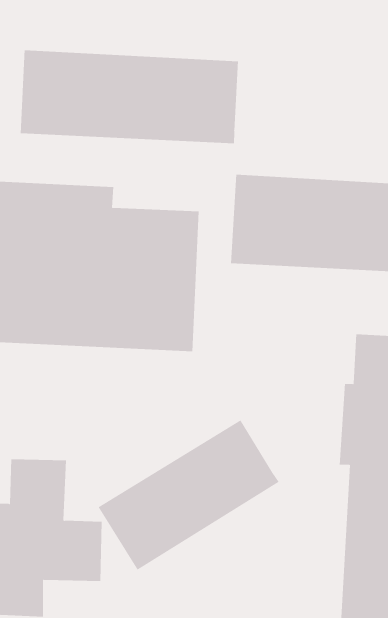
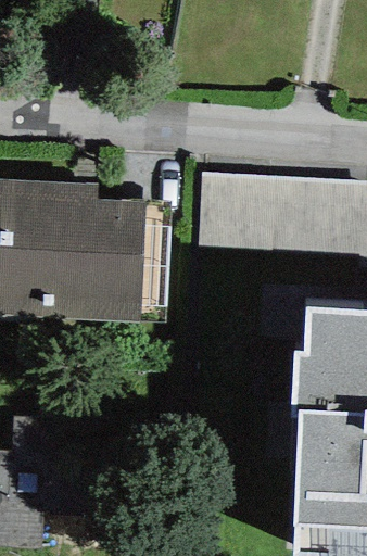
building: [20,50,239,144] -> none
building: [98,420,280,571] -> none

